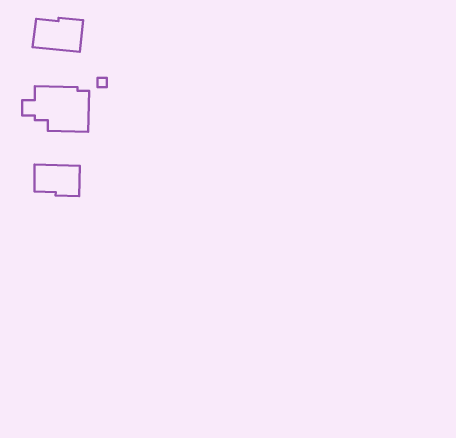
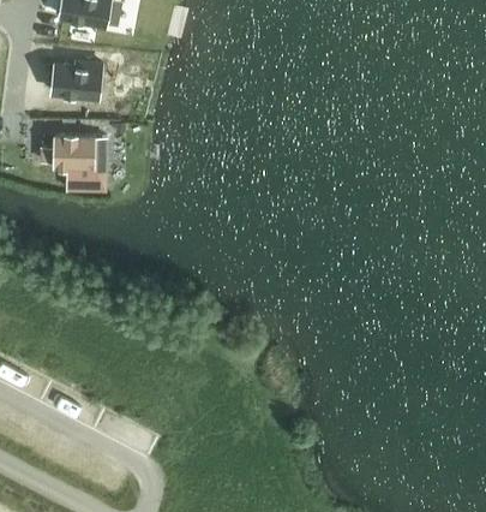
building: [34,165,80,196] -> none

